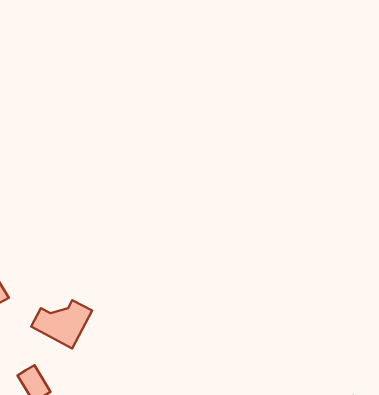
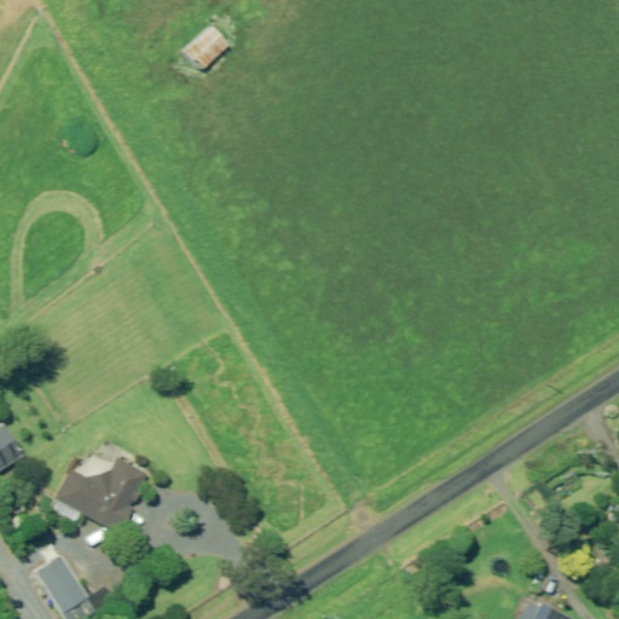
building: none -> [184,25,227,68]

